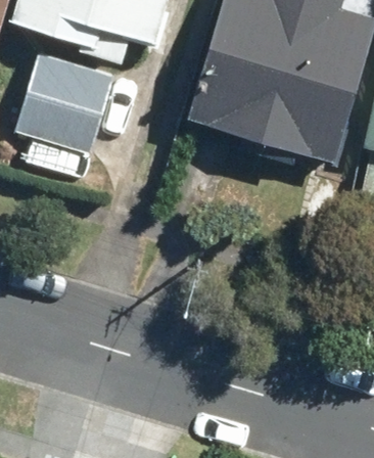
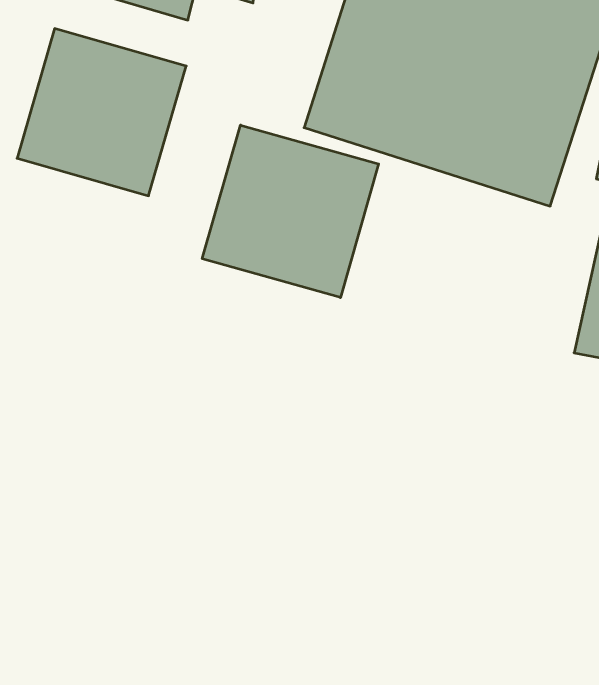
building: none -> [202,125,379,298]

